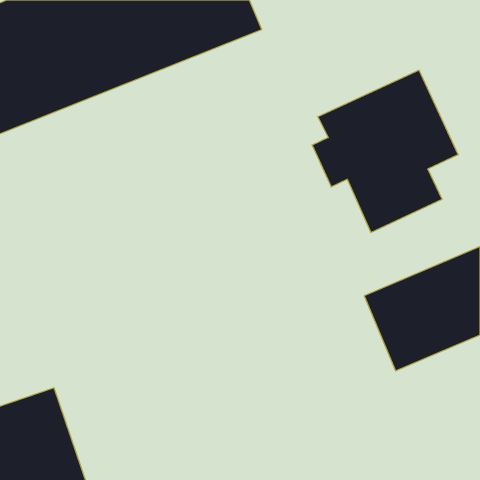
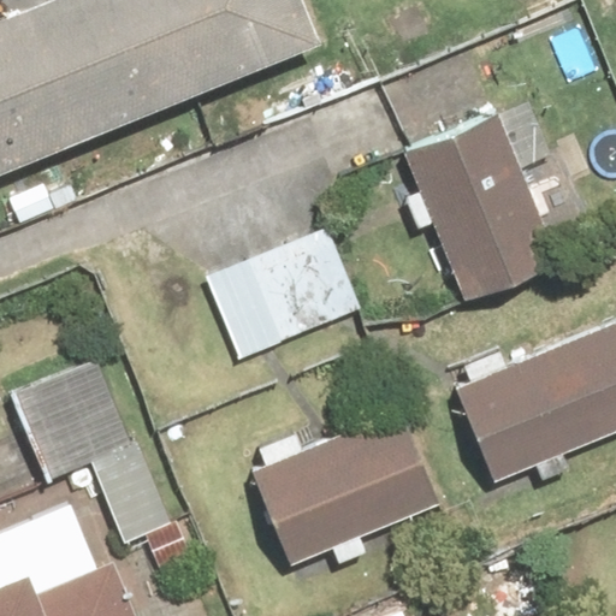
building: none -> [205,230,361,381]
building: none -> [13,362,182,565]
building: none -> [238,401,442,558]

